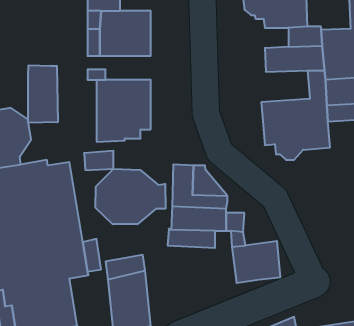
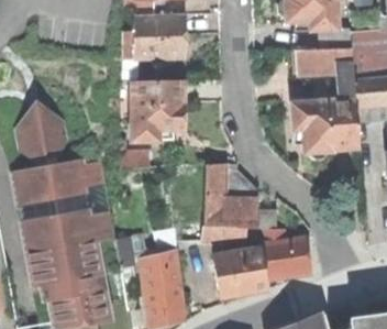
building: [28,65,58,123] -> none
building: [96,169,165,224] -> none
building: none -> [214,250,266,295]

